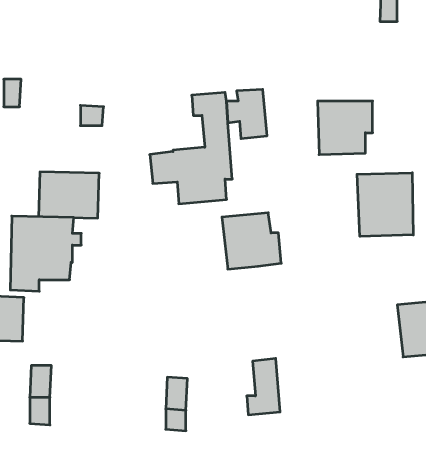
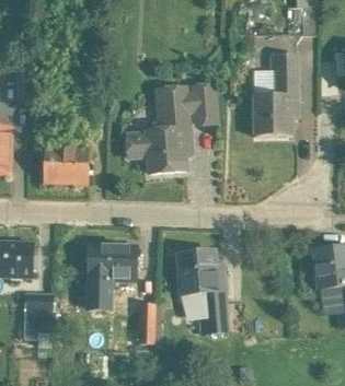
building: none -> [271,54,296,94]
building: [357,173,413,236] -> none
building: [222,213,281,269] -> [177,250,222,293]
building: [10,216,81,291] -> [88,244,141,301]

